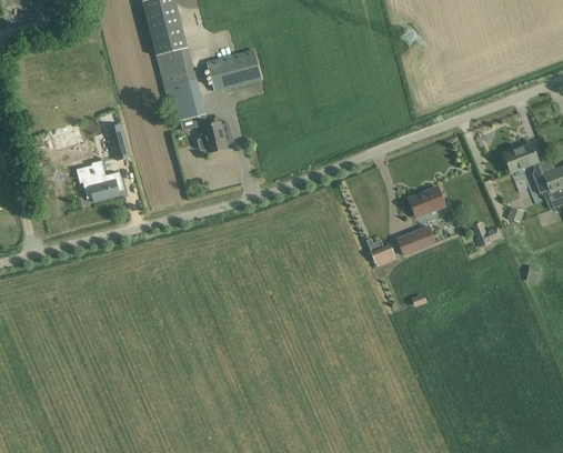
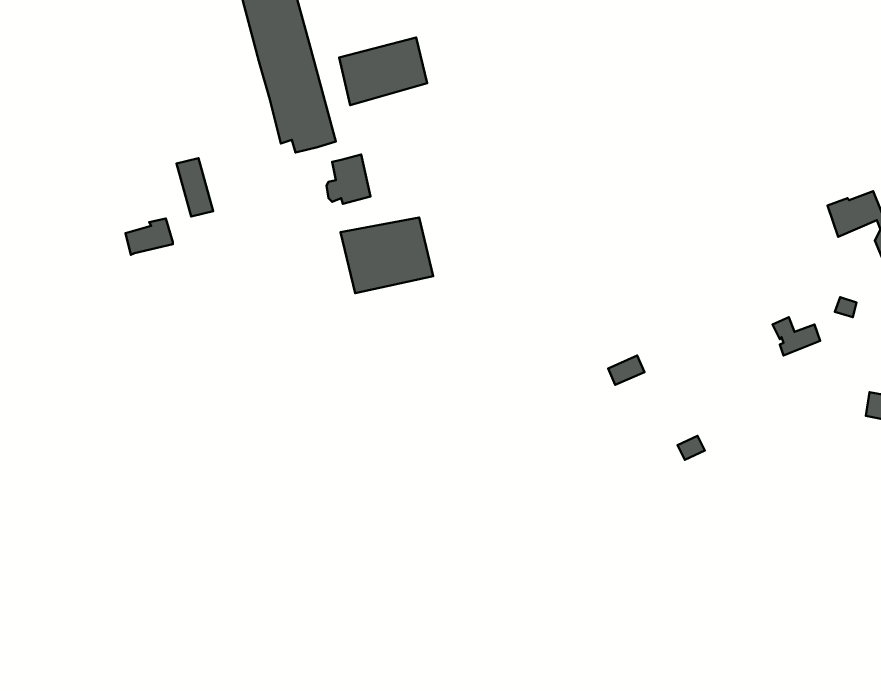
building: none -> [340,217,433,293]
building: [82,172,123,202] -> none
building: [409,187,444,217] -> none
building: [395,225,433,255] -> none

